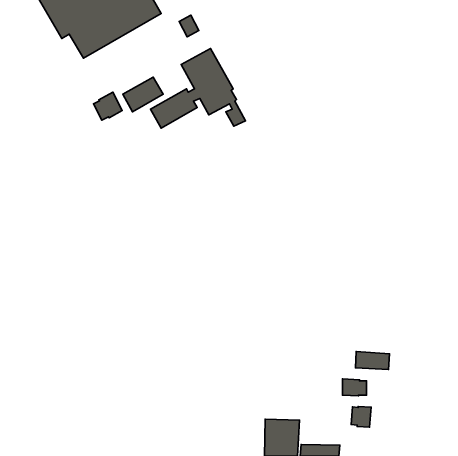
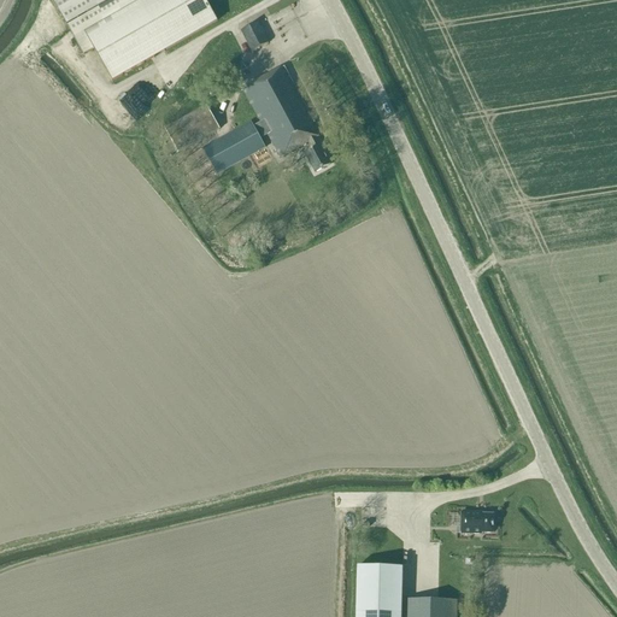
building: [93,92,122,120] -> none
building: [355,352,389,370] -> none
building: [351,406,371,427] -> none

